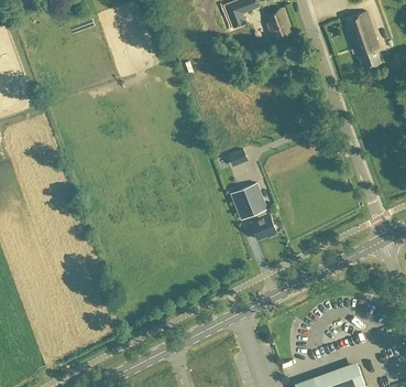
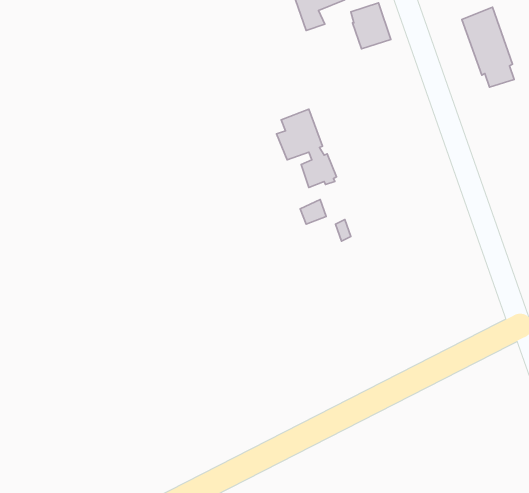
building: [233,182,276,238] -> [276,109,336,188]

